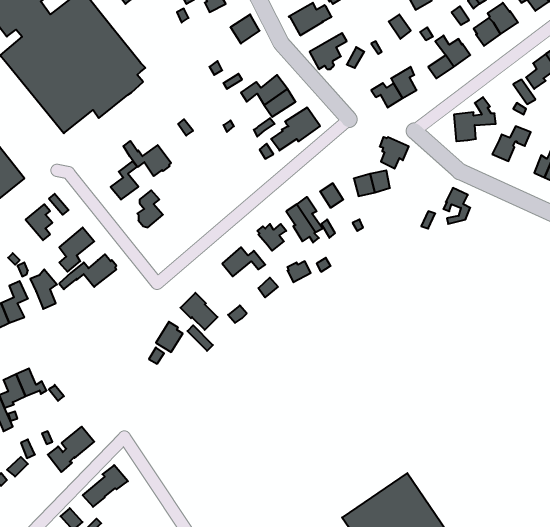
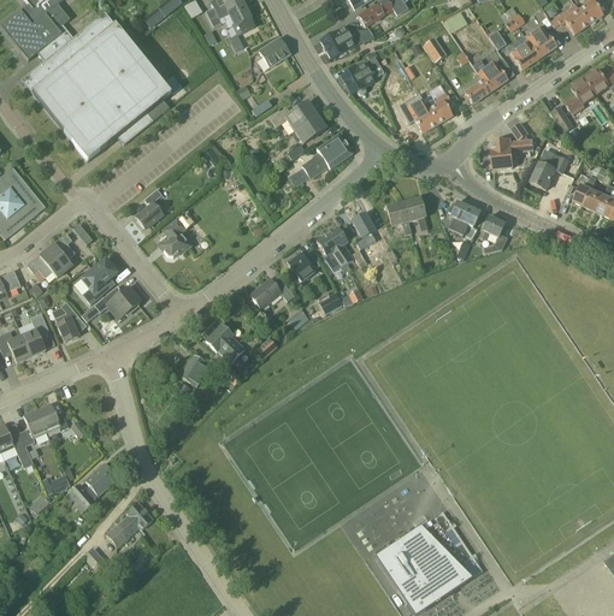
building: [380,137,409,169] -> [448,201,478,233]
building: [123,141,171,176] -> none
building: none -> [28,248,65,277]

